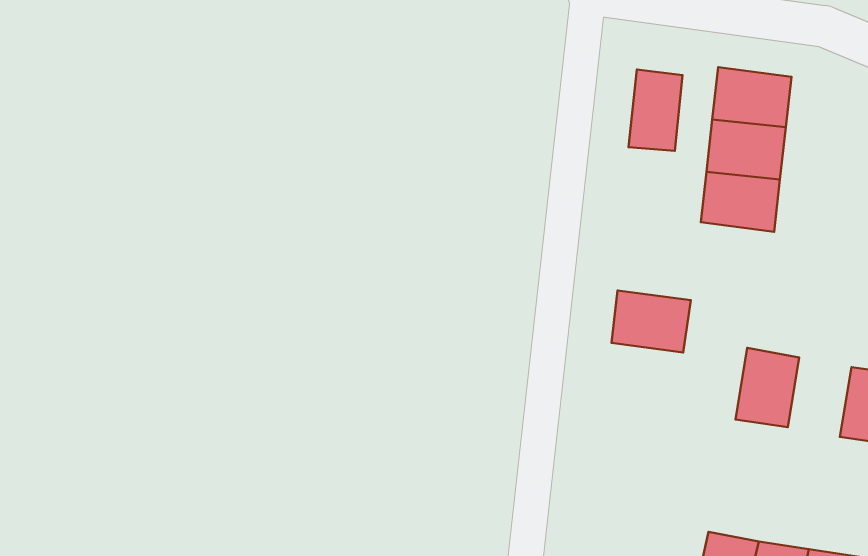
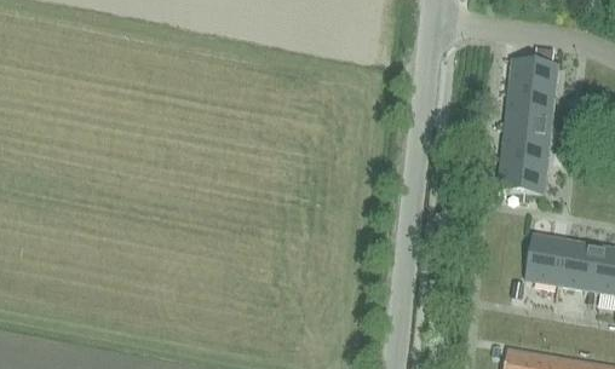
building: [629,69,682,151] -> none
building: [612,290,691,352] -> [498,154,547,192]
building: none -> [556,238,596,288]

